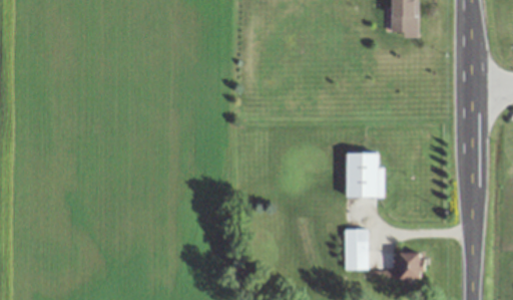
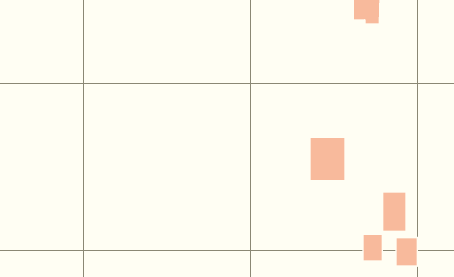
building: [344,229,368,269] -> [383,192,406,231]
building: none -> [396,237,417,266]

